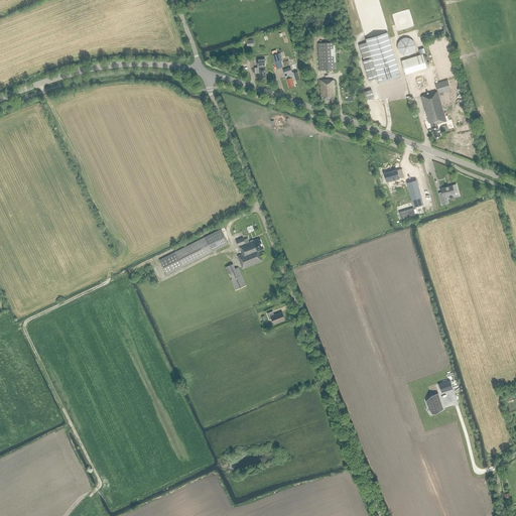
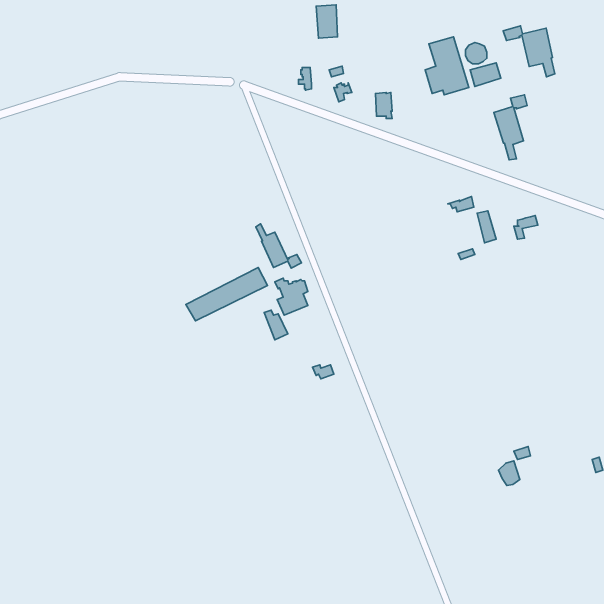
building: none -> [503,26,555,77]
building: [316,41,335,70] -> [316,5,337,38]
building: none -> [256,224,301,268]

